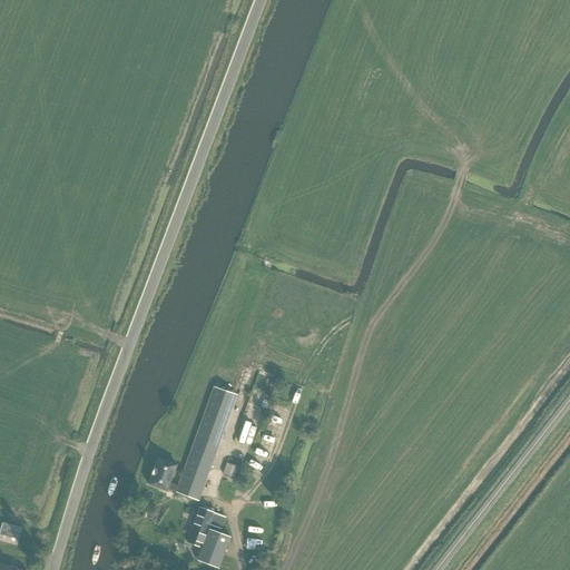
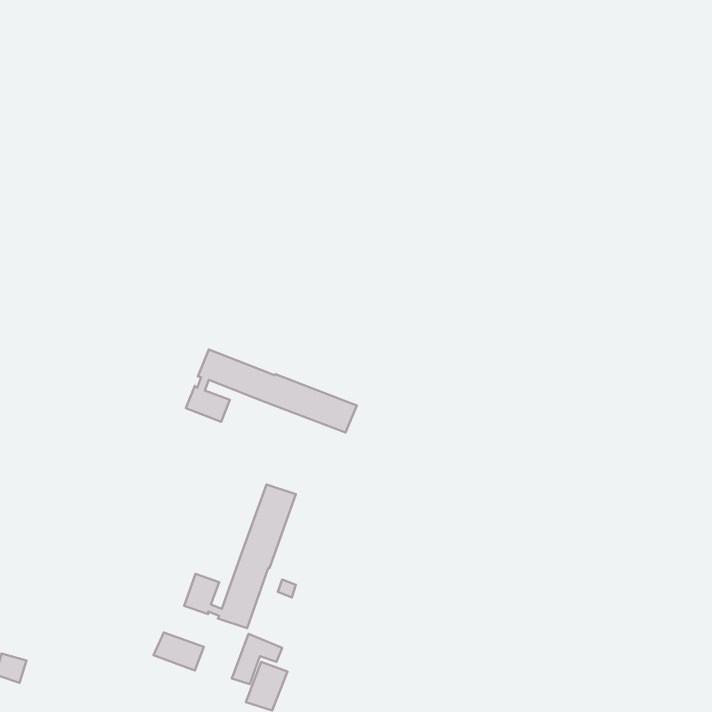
building: none -> [186,349,357,432]
building: none -> [154,633,204,671]

